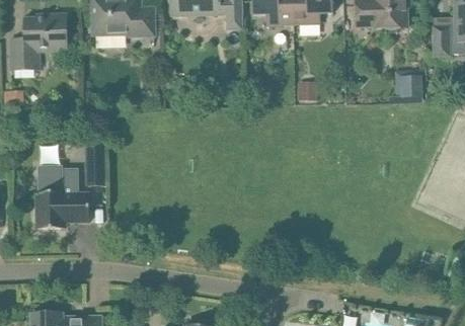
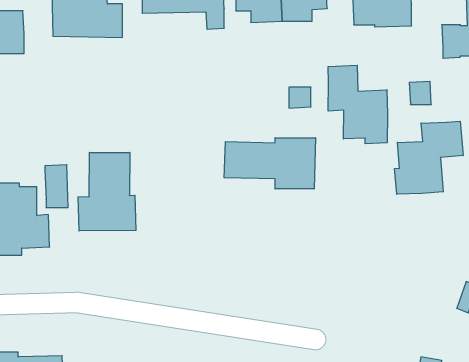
building: none -> [328,65,387,144]
building: none -> [395,121,463,194]
building: none -> [224,138,315,189]
building: none -> [78,152,136,231]

